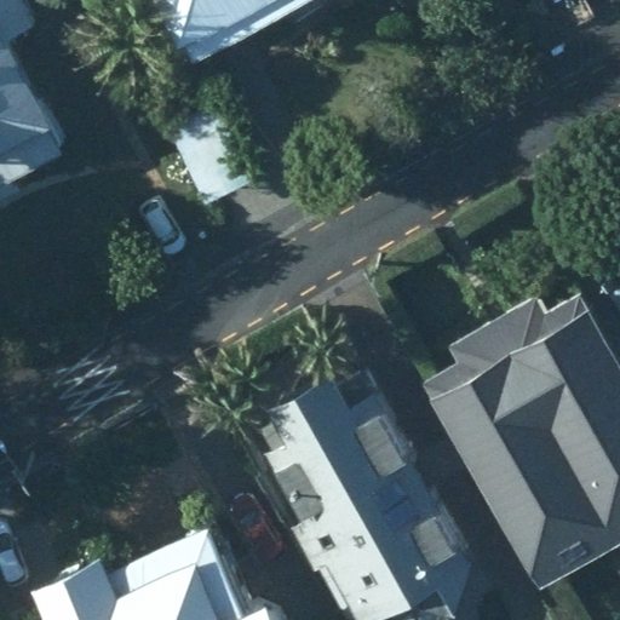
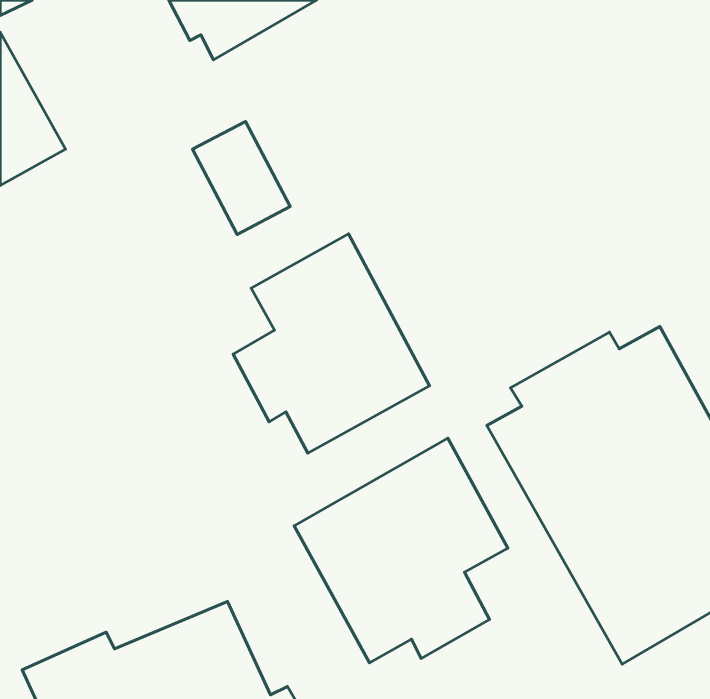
building: none -> [233,234,429,453]

